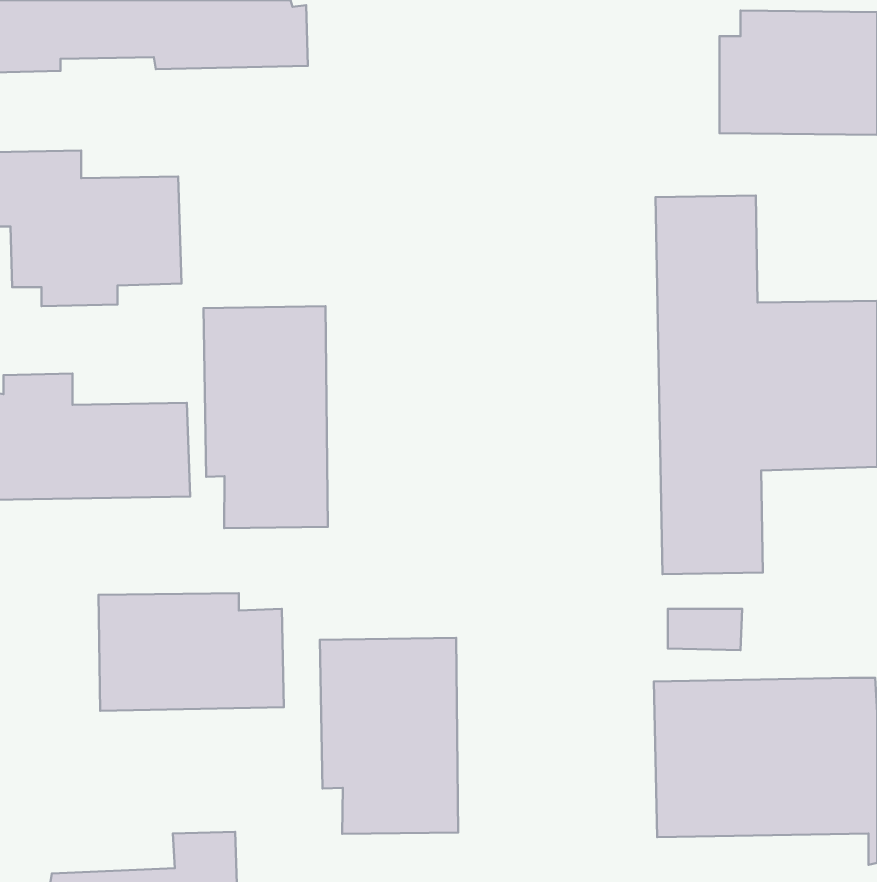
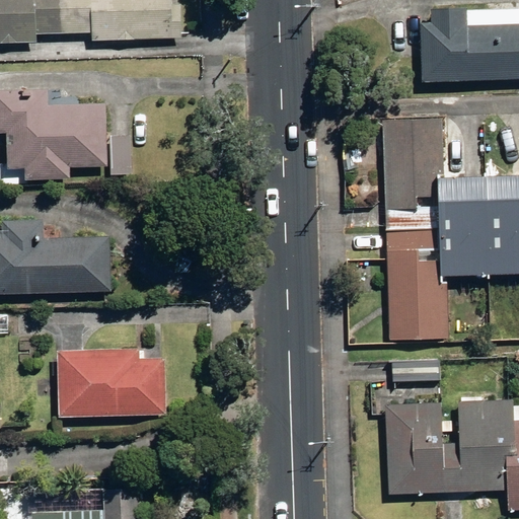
building: [203,306,328,528] -> none
building: [320,638,458,834] -> none

